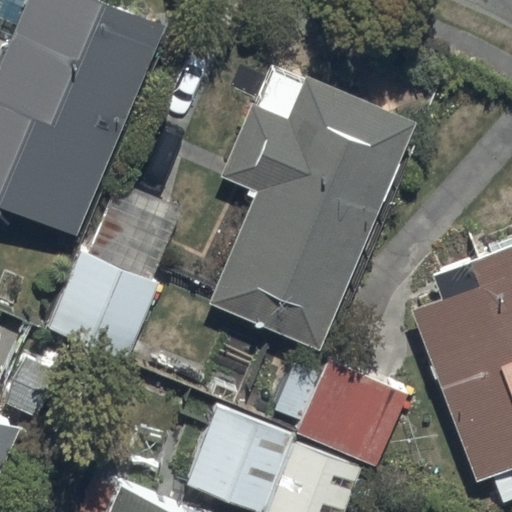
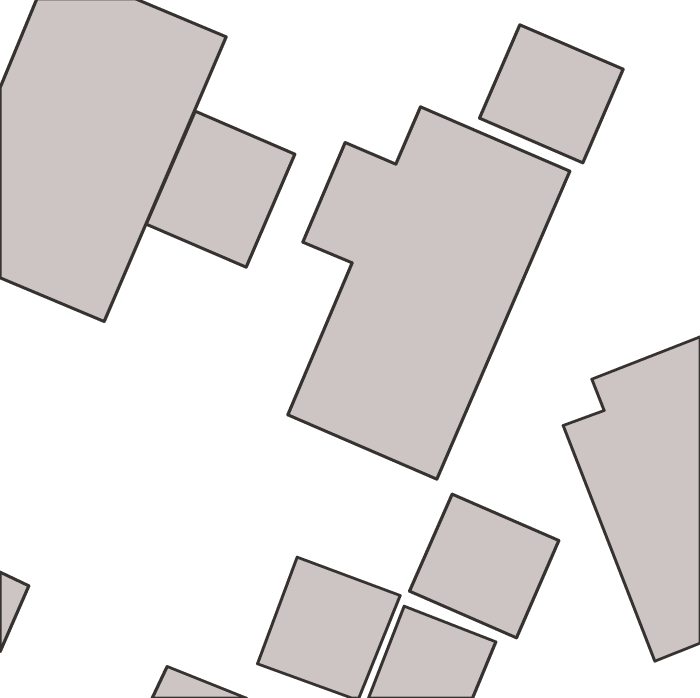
building: none -> [480,25,623,163]
building: none -> [146,111,295,267]
building: [49,252,159,361] -> none

